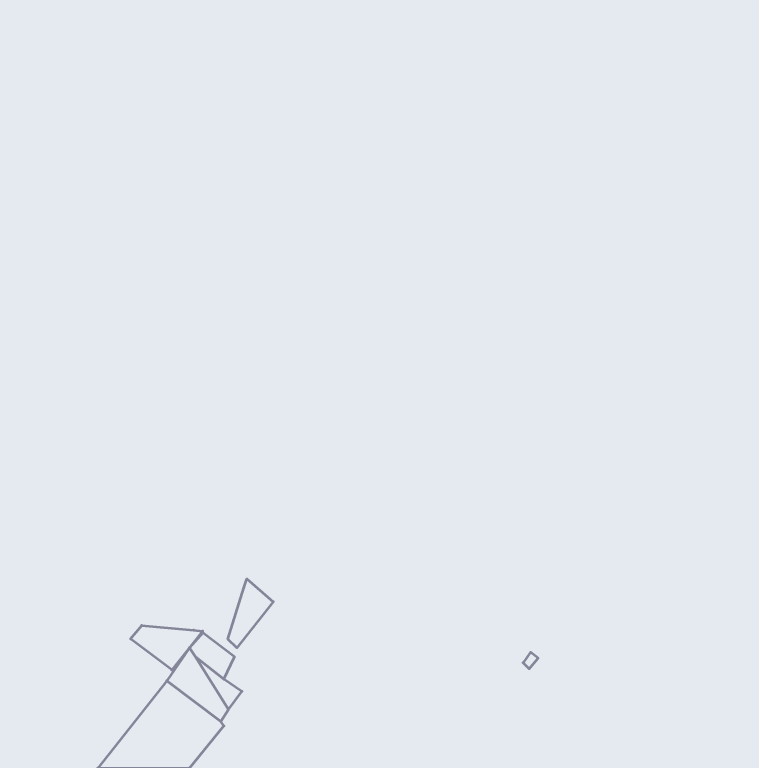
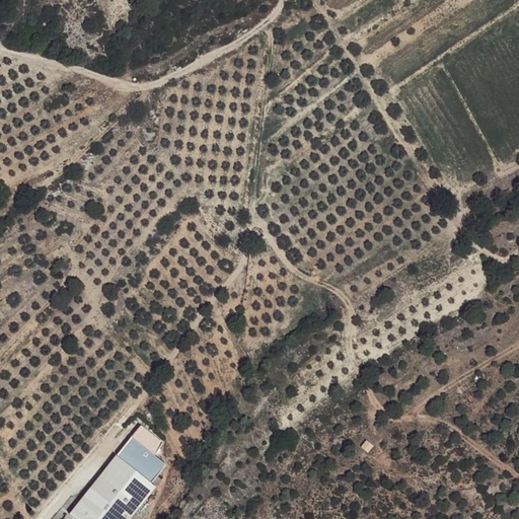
building: [228,579,273,648] -> none
building: [131,625,203,670] -> none

